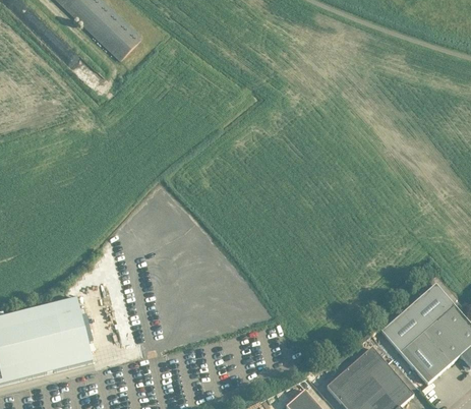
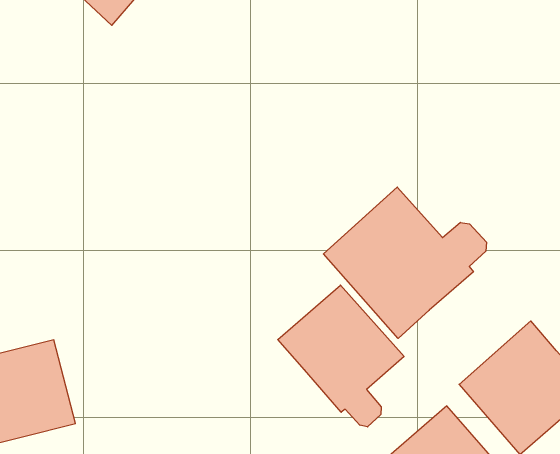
building: none -> [323,187,486,338]
building: none -> [278,285,404,427]

